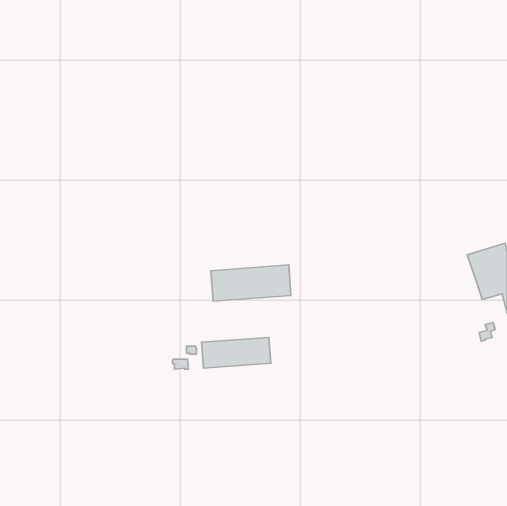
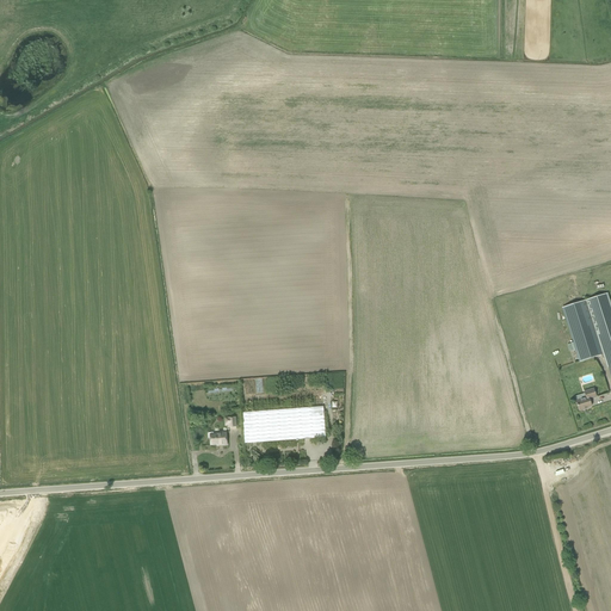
building: [211,265,291,301] -> none

